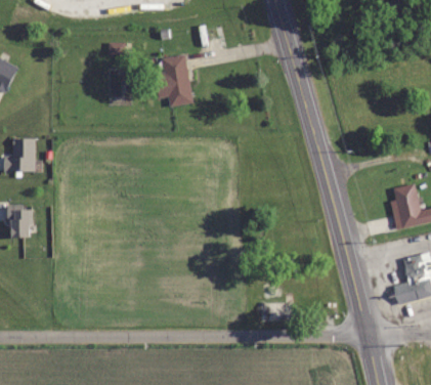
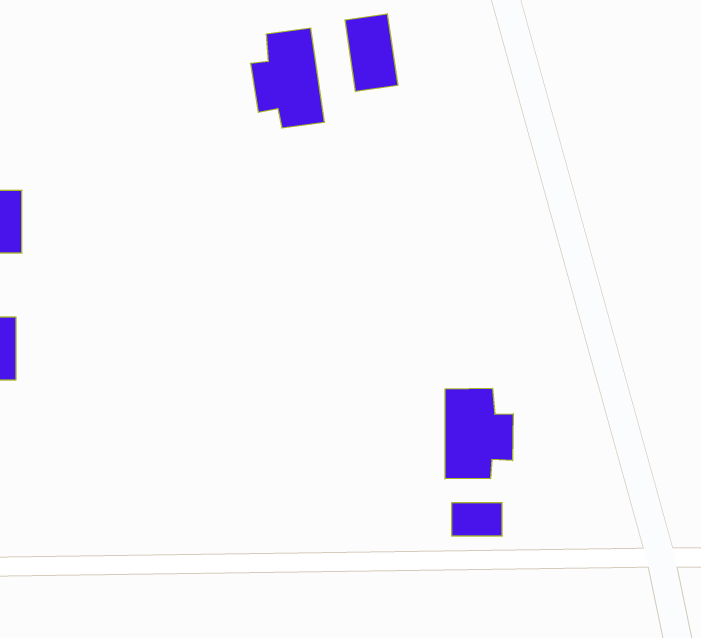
building: none -> [345,14,398,92]
building: none -> [445,388,513,479]

